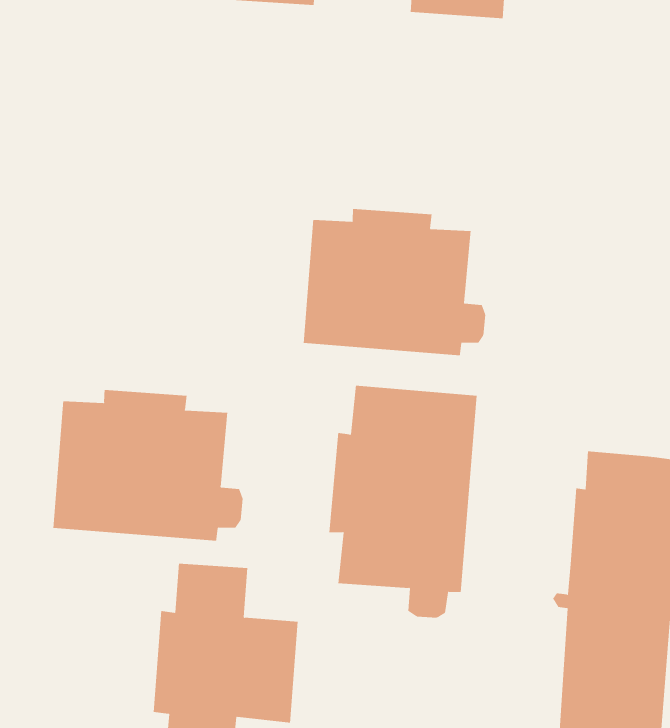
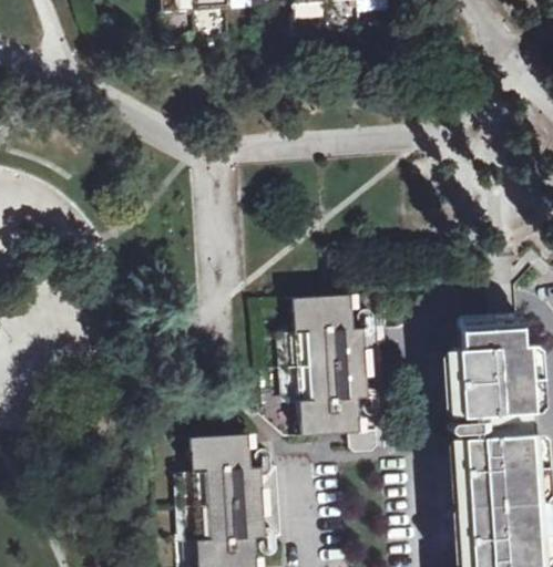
building: [303,208,486,356] -> none
building: [53,389,243,542] -> none

